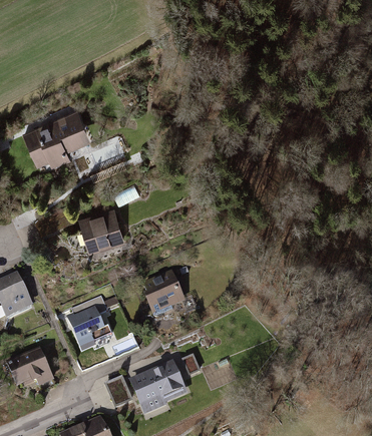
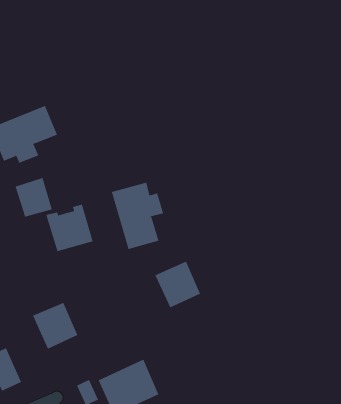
building: none -> [15,177,52,218]
building: none -> [111,182,164,250]
building: [140,270,185,316] -> [155,261,201,308]

